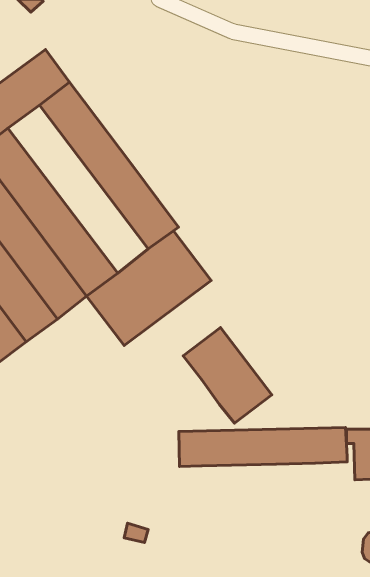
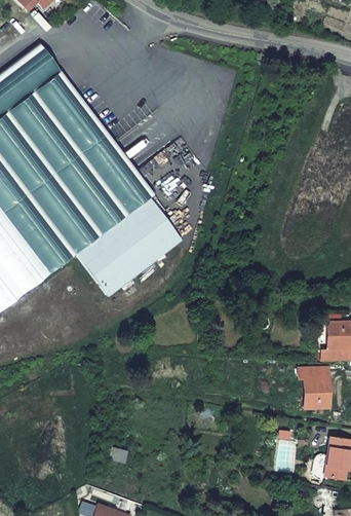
building: none -> [9,90,128,233]
building: [183,328,272,423] -> none
building: [179,428,347,466] -> none

